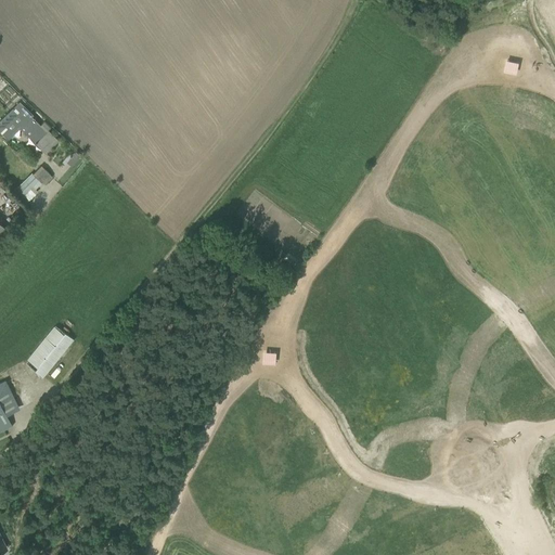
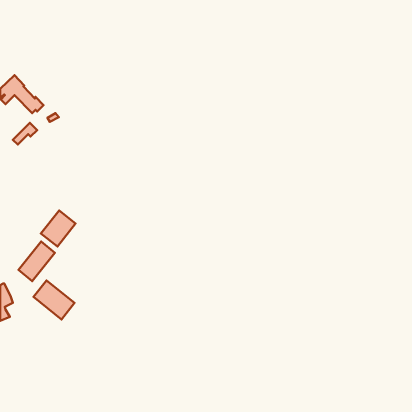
building: none -> [41,211,76,246]
building: none -> [34,280,74,319]

